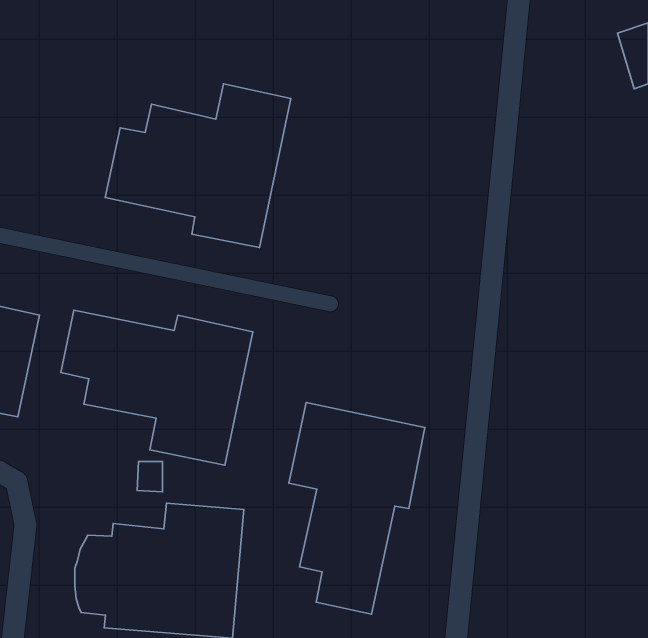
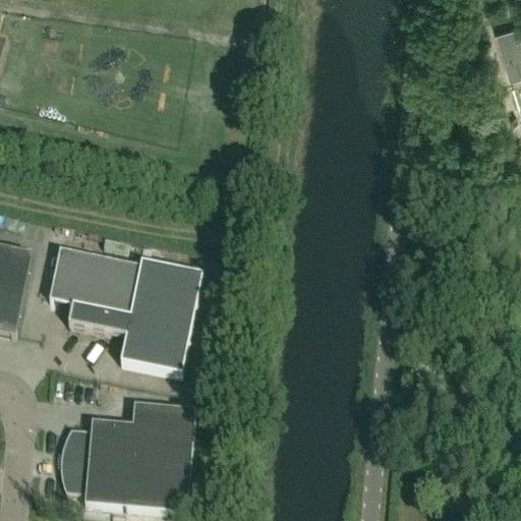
building: [105,84,291,248] -> none
building: [289,402,425,614] -> none

